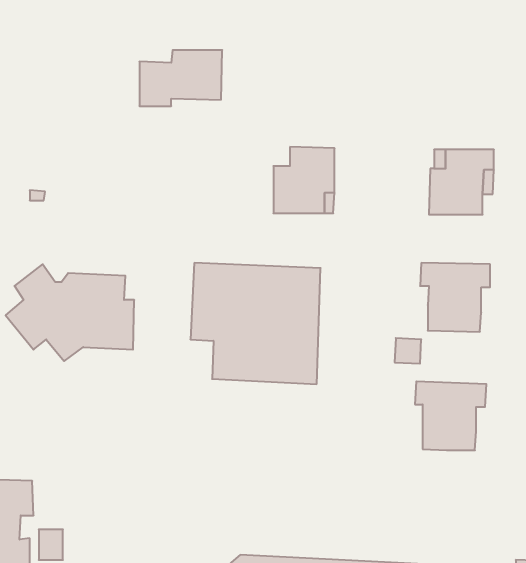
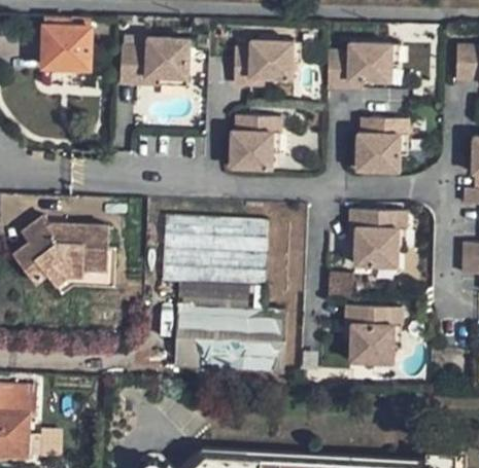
building: none -> [43,13,91,67]
building: none -> [232,44,293,88]
building: none -> [328,45,391,91]
building: none -> [177,307,287,371]

